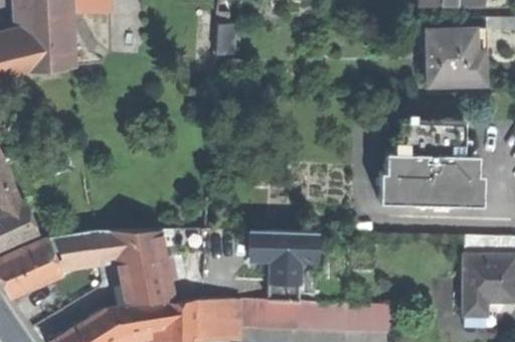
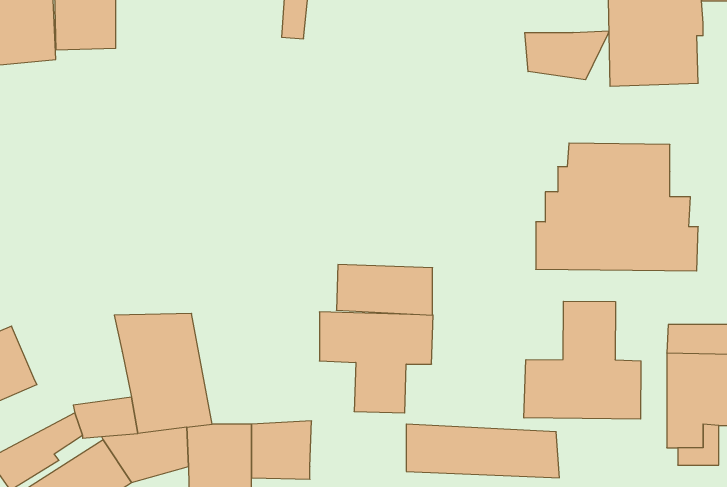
building: none -> [525,31,609,80]
building: none -> [524,301,641,419]
building: [45,231,116,272] -> none
building: [235,299,297,331] -> [336,265,433,315]

